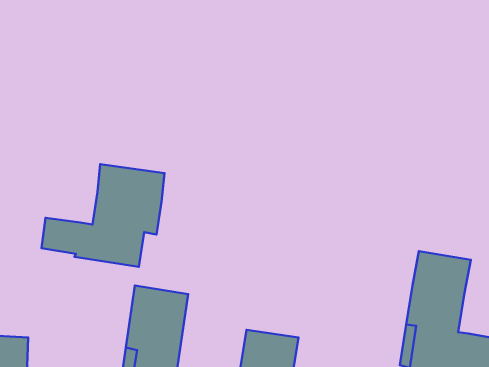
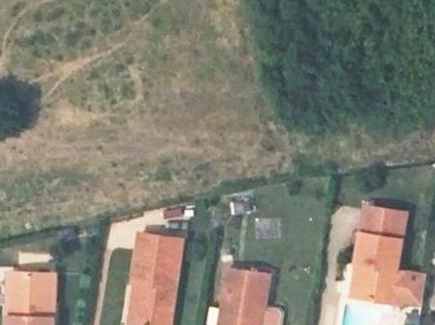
building: [42,164,165,267] -> none

